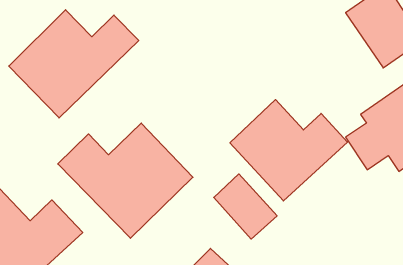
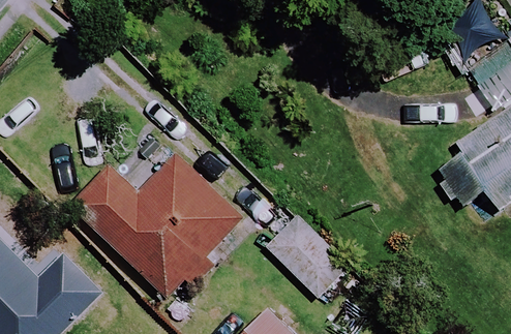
building: [9,10,139,118] -> none
building: [230,100,348,201] -> none

